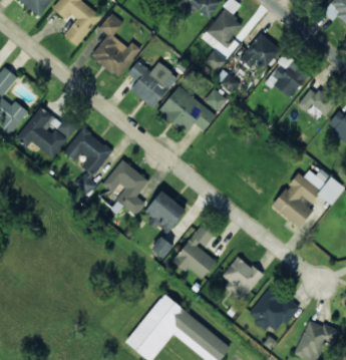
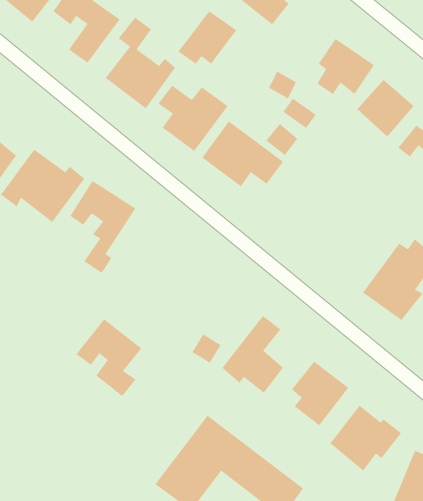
building: [202,9,244,47] -> [178,10,237,64]
building: [102,159,149,215] -> [76,318,142,397]
building: [144,191,186,234] -> none

